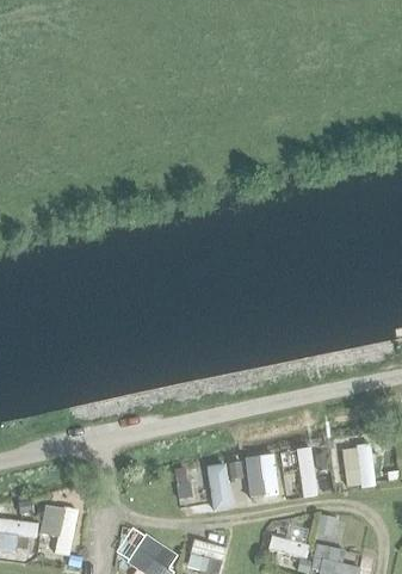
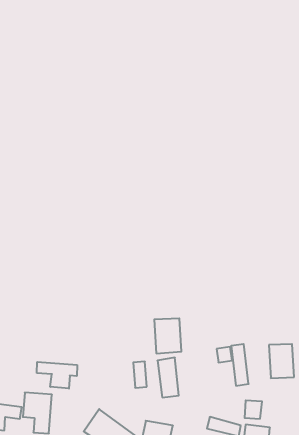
building: [245,455,278,498] -> [154,318,181,353]
building: none -> [37,362,77,389]

